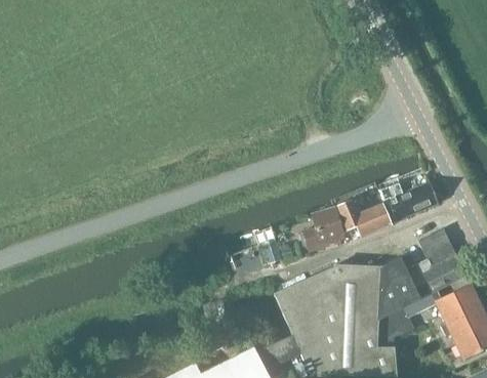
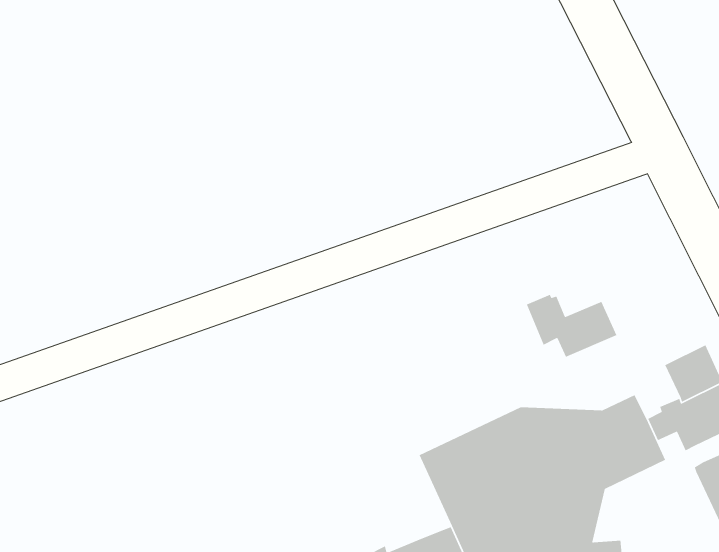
building: [378,181,437,220] -> none
building: [300,206,343,251] -> none
building: [377,289,442,345] -> none

